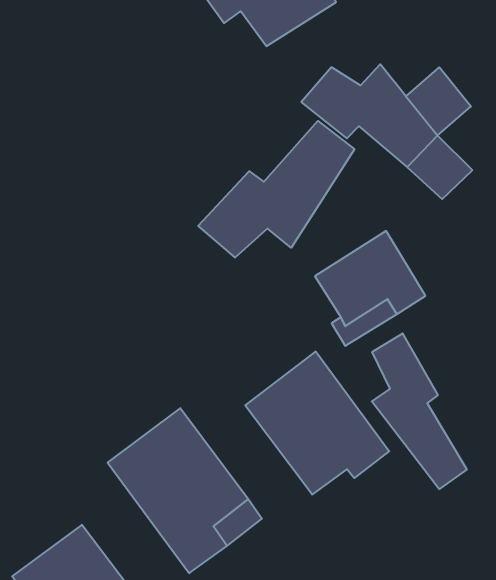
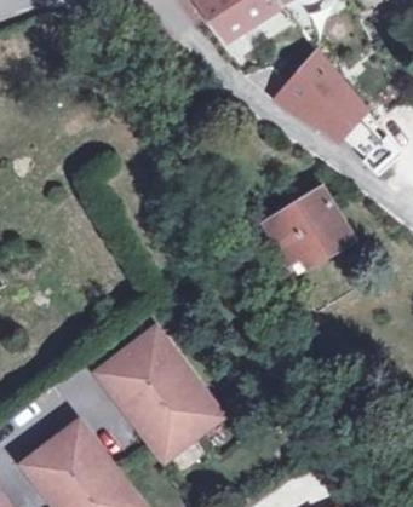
building: [198,121,354,258] -> none
building: [372,333,467,489] -> none
building: [245,351,389,495] -> none

